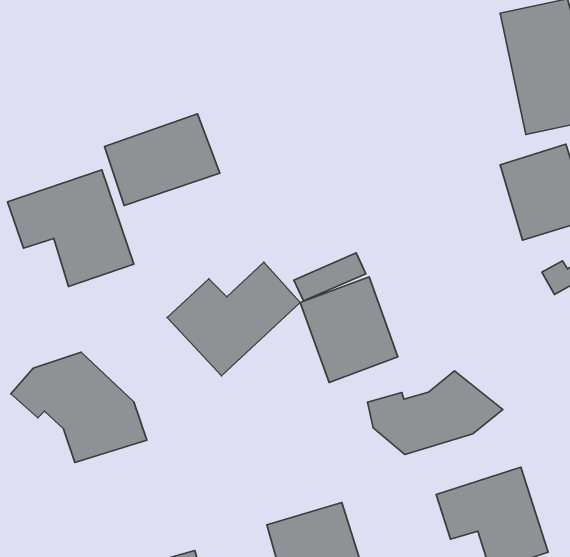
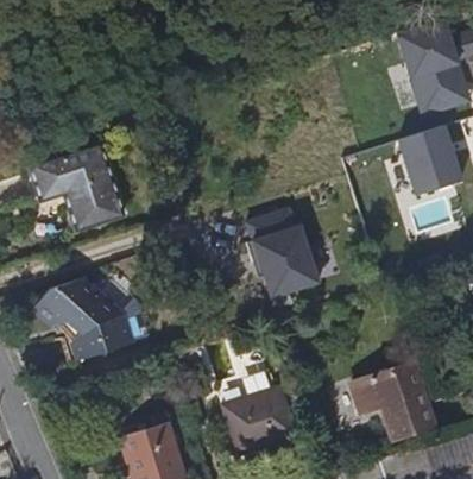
building: [105,114,220,206] -> none
building: [167,262,300,376] -> none
building: [368,371,503,454] -> none

